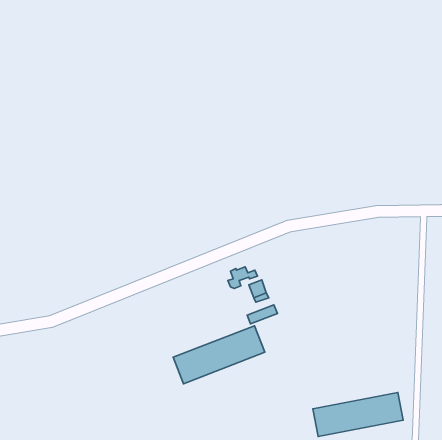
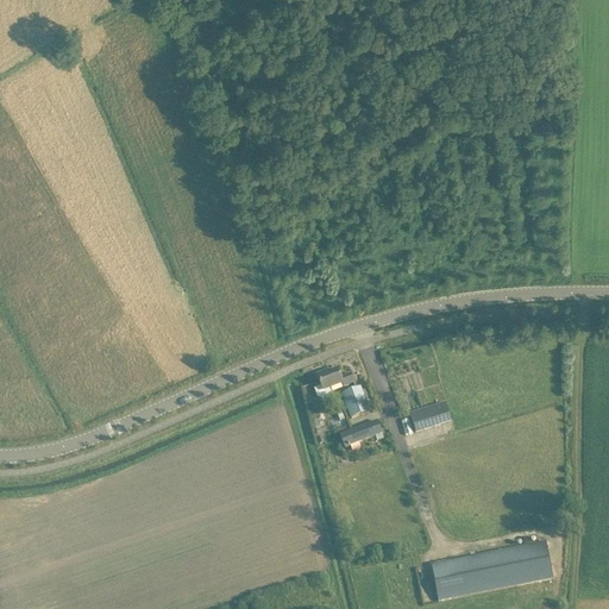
building: none -> [409,400,451,429]
building: [173,326,265,384] -> none

